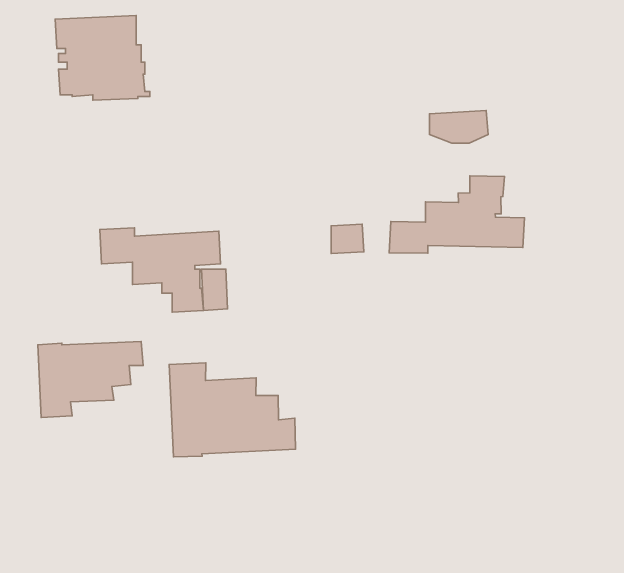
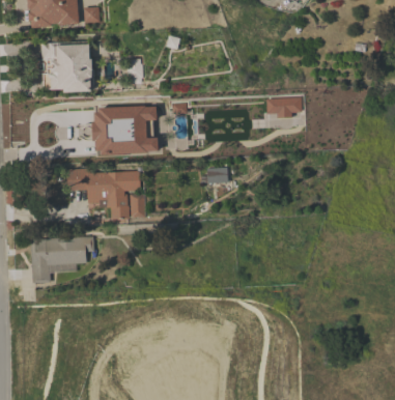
building: none -> [91,106,157,153]
building: [389,176,524,253] -> none
building: [169,363,296,457] -> none

